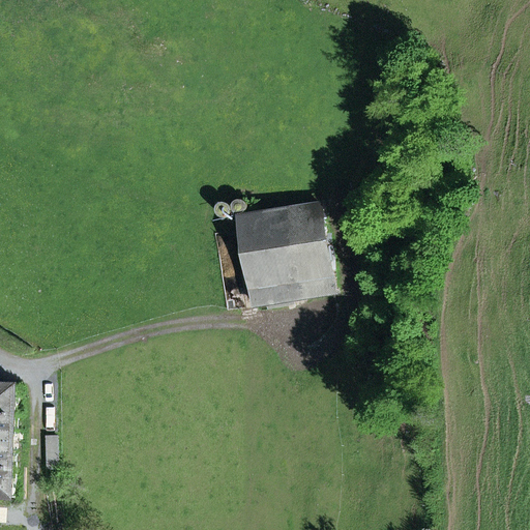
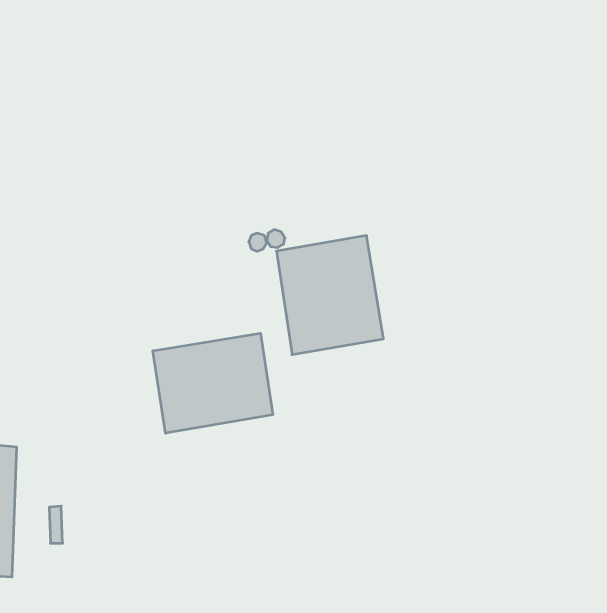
building: none -> [153,333,273,433]

